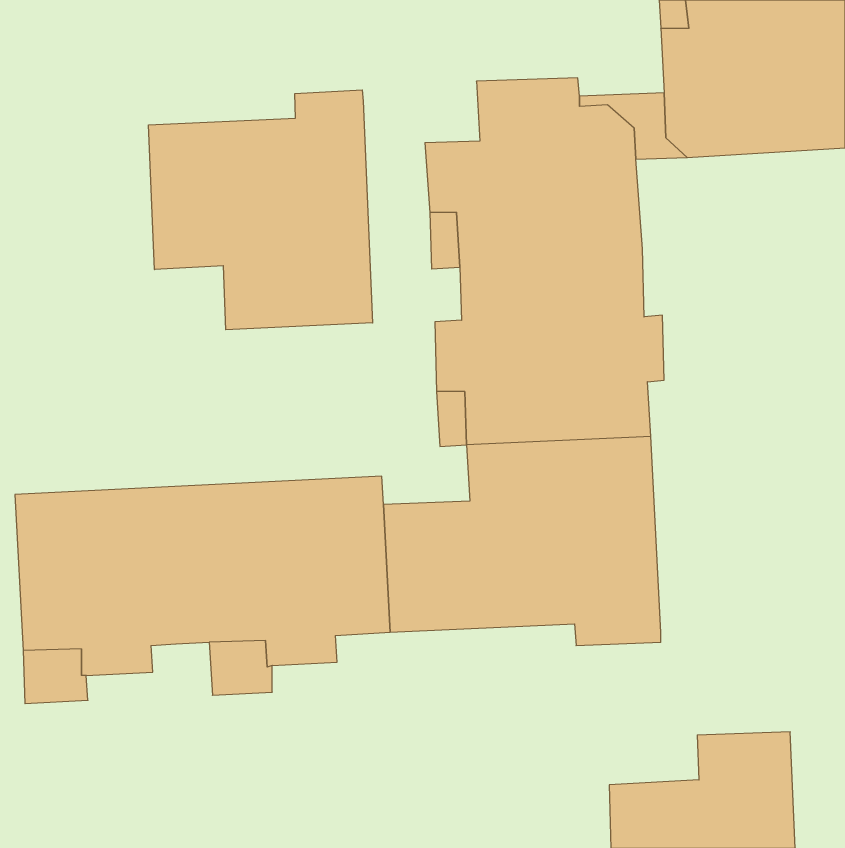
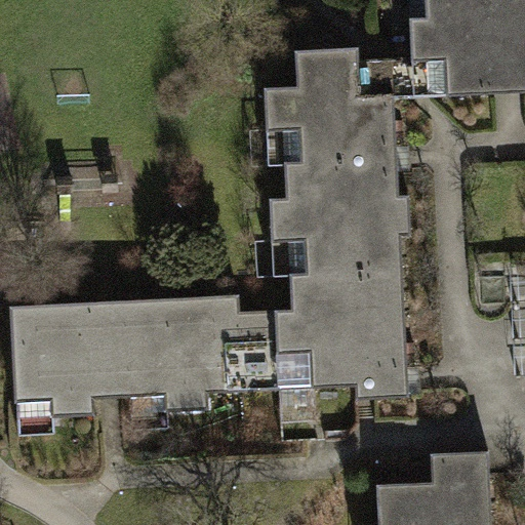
building: [149,90,373,330] -> none

